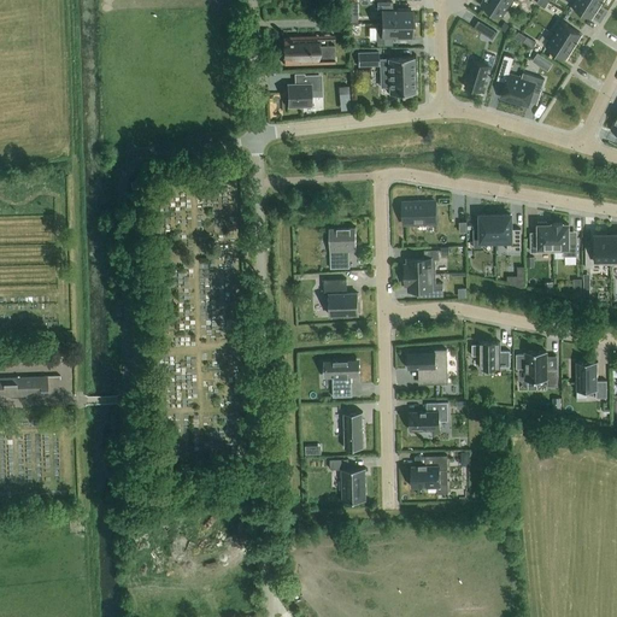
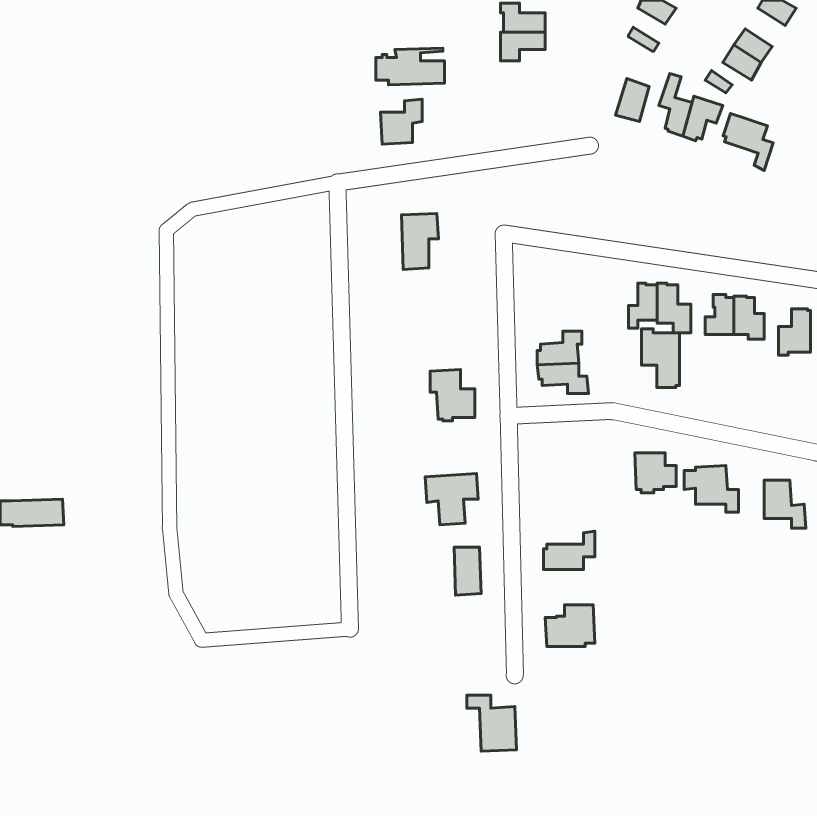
building: [358,53,415,95] -> none
building: none -> [723,113,773,170]
building: [402,202,435,225] -> none
building: [329,228,357,270] -> [402,213,438,269]
building: none -> [642,329,680,387]
building: [407,352,448,387] -> none
building: [330,460,368,503] -> [467,695,516,751]

